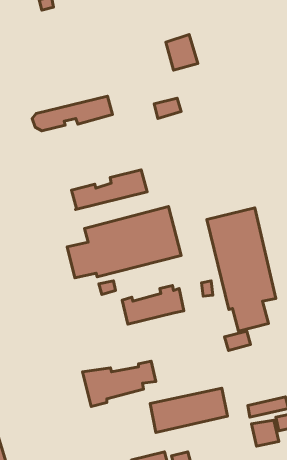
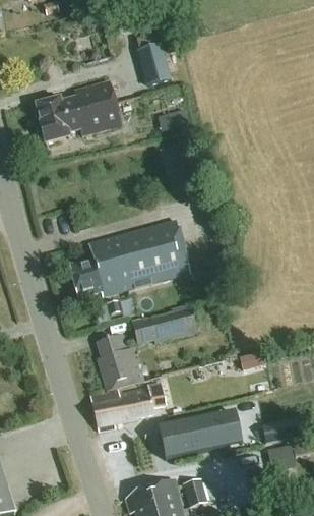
building: [166,34,198,70] -> [137,47,171,84]
building: [72,170,147,209] -> [36,79,115,121]
building: [207,208,276,331] -> none
building: none -> [95,335,138,386]

